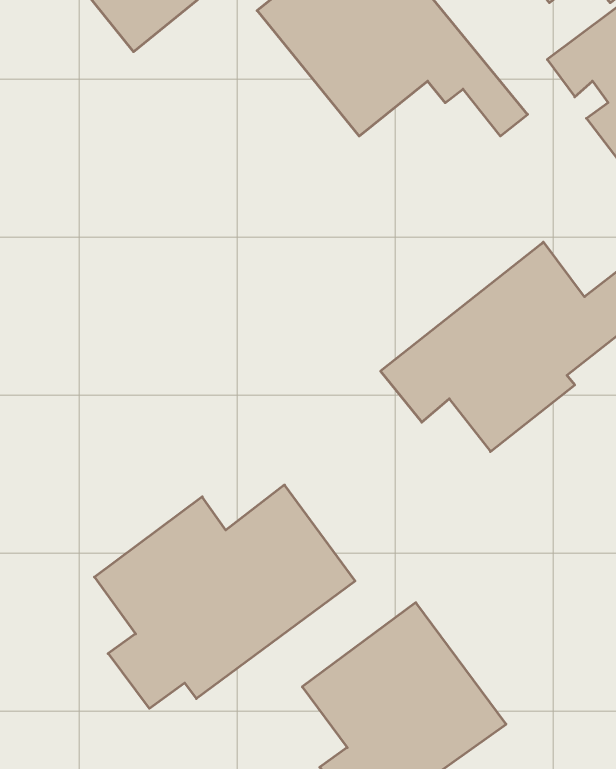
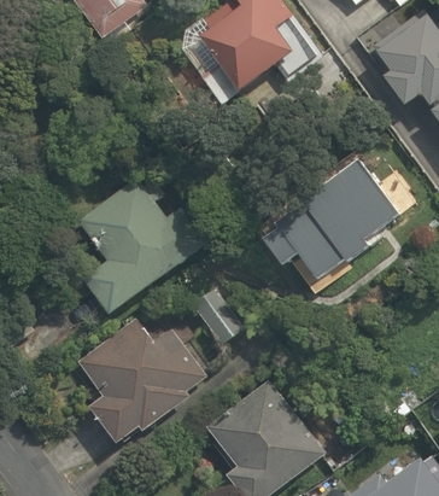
building: none -> [70,163,211,311]

